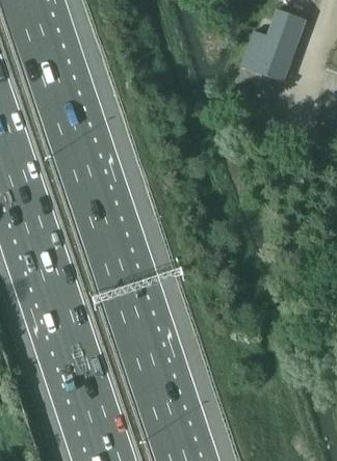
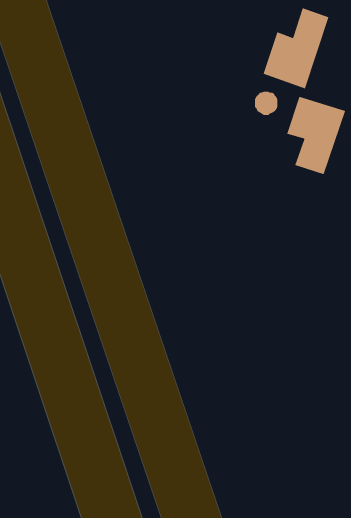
building: none -> [286,96,346,175]

